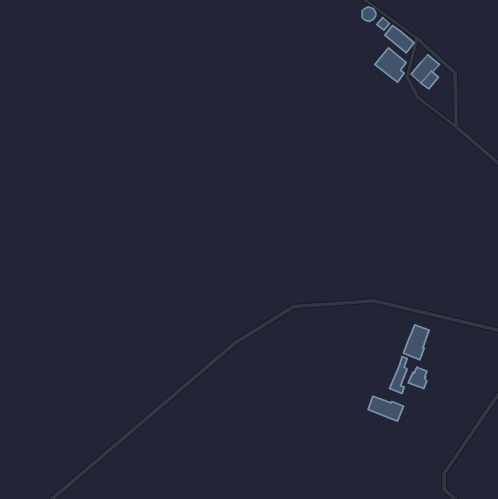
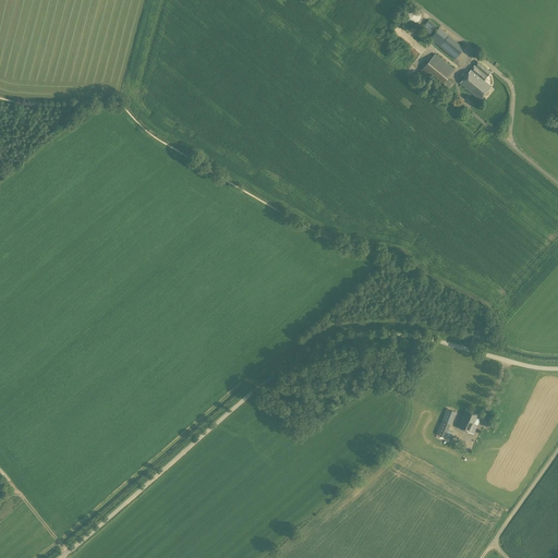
building: [404,325,429,360] -> none
building: [368,396,404,421] -> none

